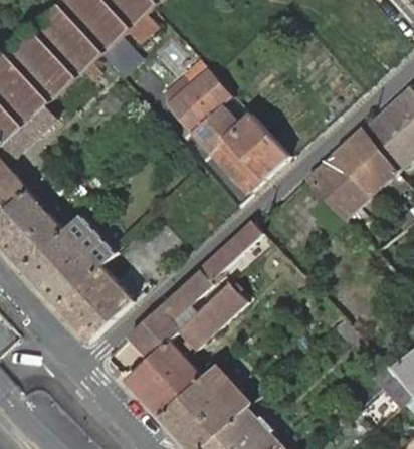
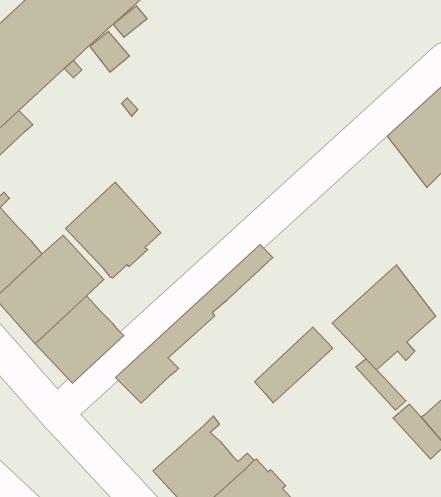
building: [163,69,288,192] -> none
building: [306,129,396,219] -> [332,265,436,370]
building: none -> [66,182,161,278]
building: [180,283,247,349] -> [255,327,333,403]
building: [126,340,212,417] -> none

